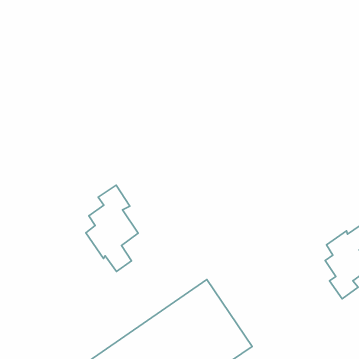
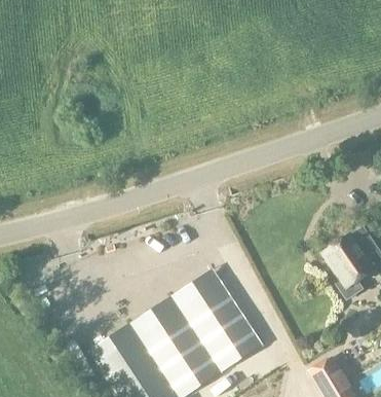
building: [86,185,138,272] -> none

